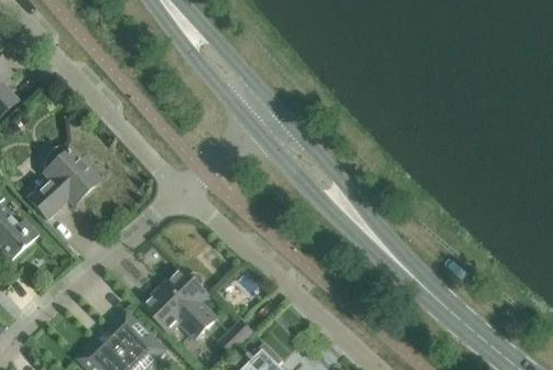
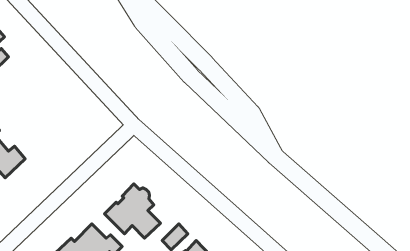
building: [28,143,100,218] -> none

